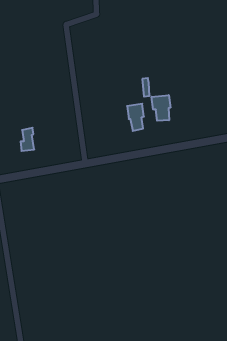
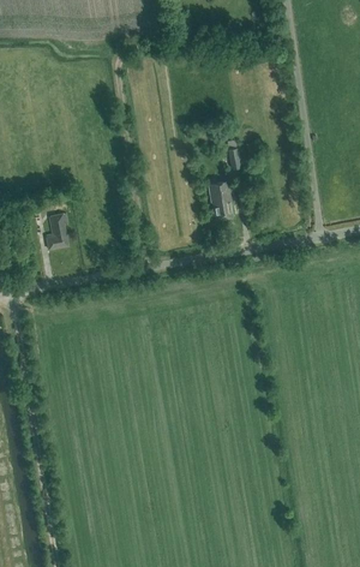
building: [152,95,170,121] -> none

